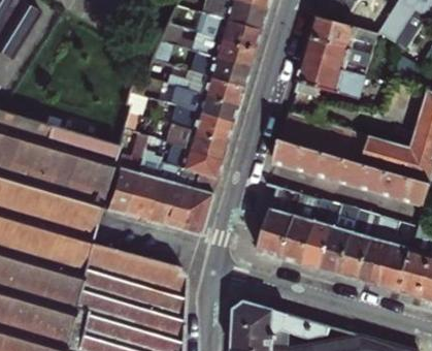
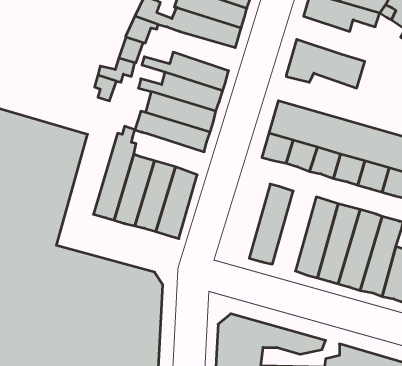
building: [304,37,371,71] -> none
building: [194,51,250,86] -> none
building: [103,131,151,214] -> none
building: [164,141,222,179] -> none
building: [283,193,322,264] -> none

